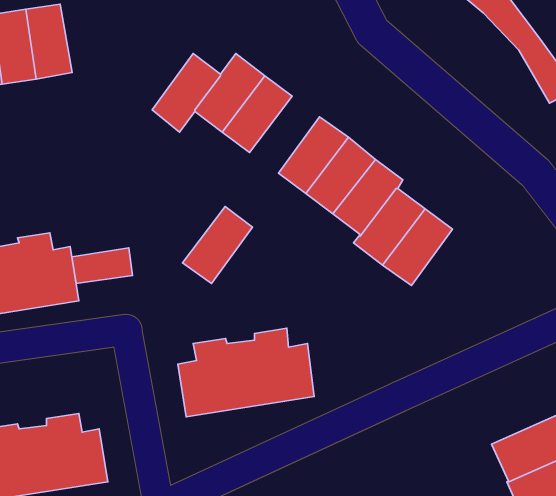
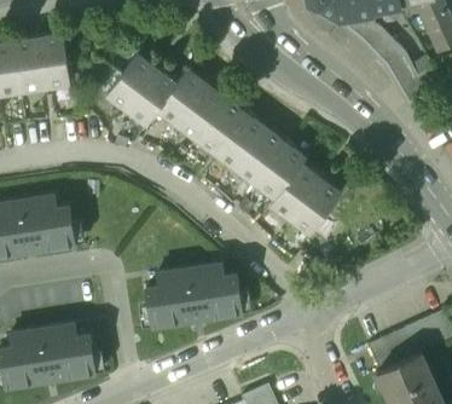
building: none -> [106,54,156,109]
building: [182,207,252,283] -> [196,99,245,154]
building: [72,248,132,283] -> none

